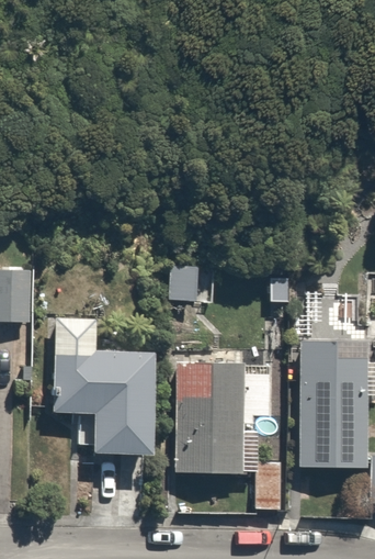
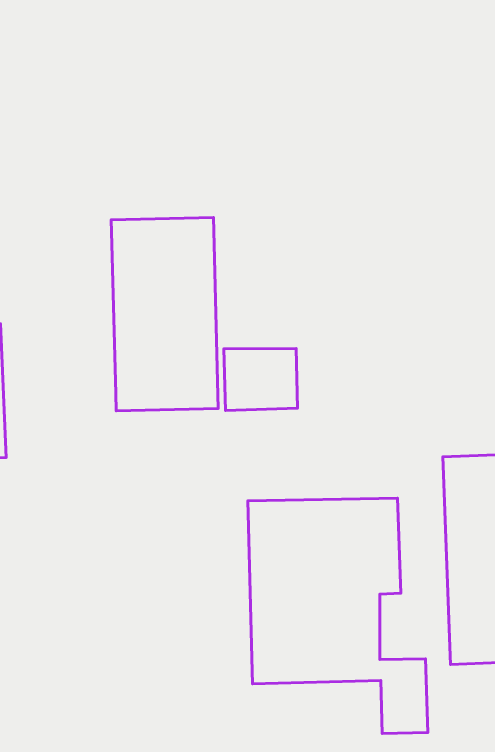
building: none -> [111,217,218,411]
building: [49,317,156,457] -> none

